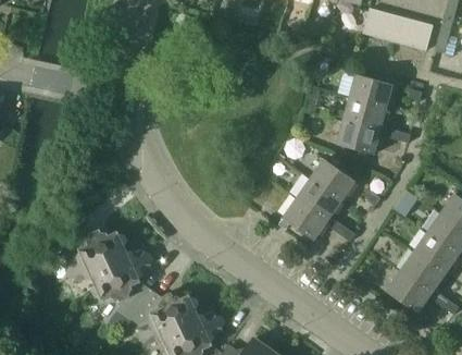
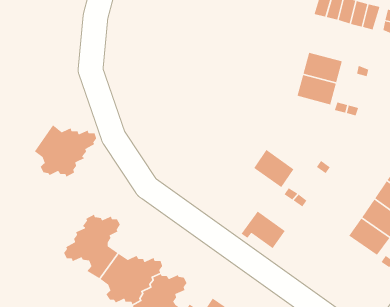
building: [336,121,379,155] -> none
building: [310,158,354,199] -> none
building: [277,198,326,240] -> [240,211,286,249]
building: [59,225,127,283] -> [34,124,97,178]
building: [384,271,429,313] -> none

